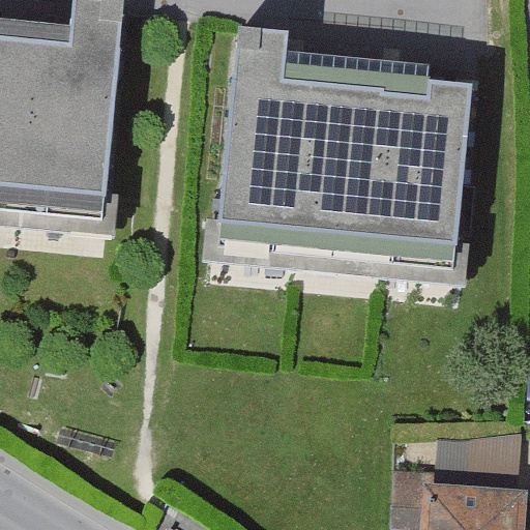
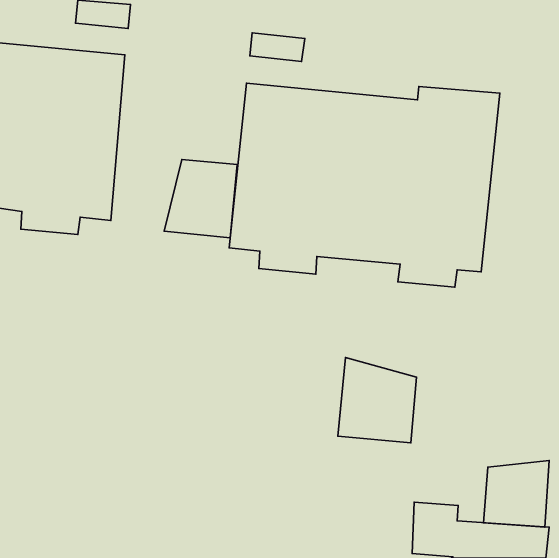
building: none -> [164,160,237,238]
building: none -> [338,358,416,443]

